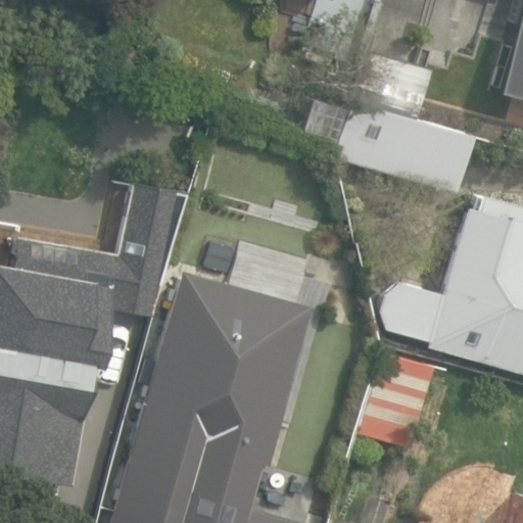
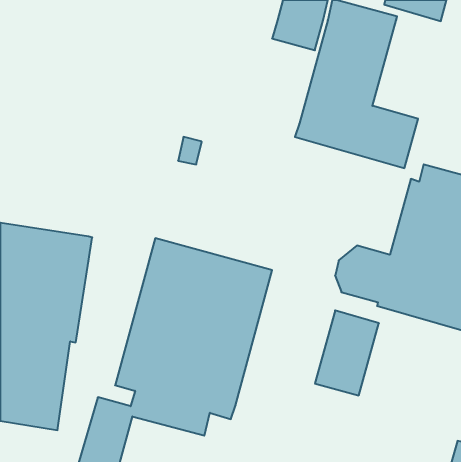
building: [106,184,187,320] -> none

